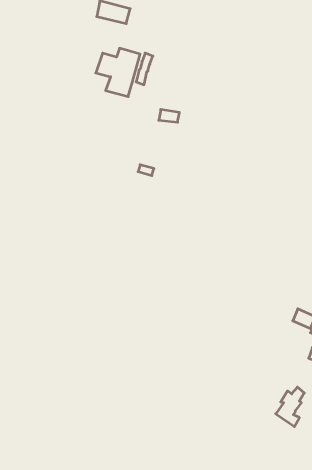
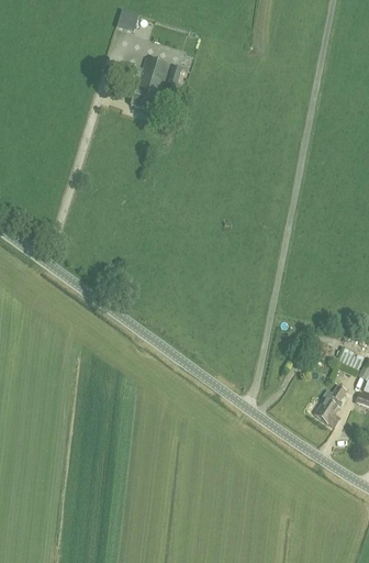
building: [276,387,304,427] -> [314,384,346,428]

